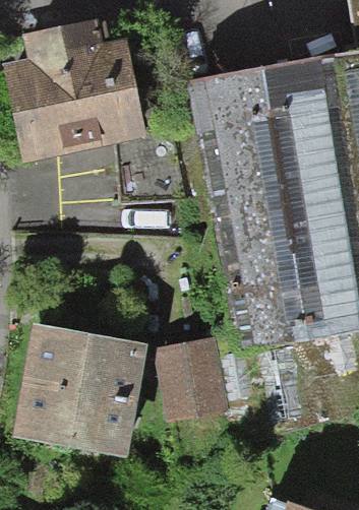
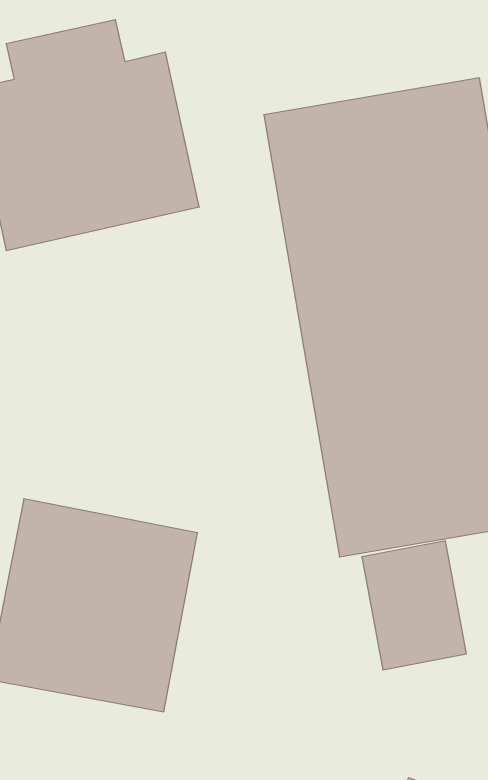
building: [161,335,227,417] -> [362,541,466,670]

